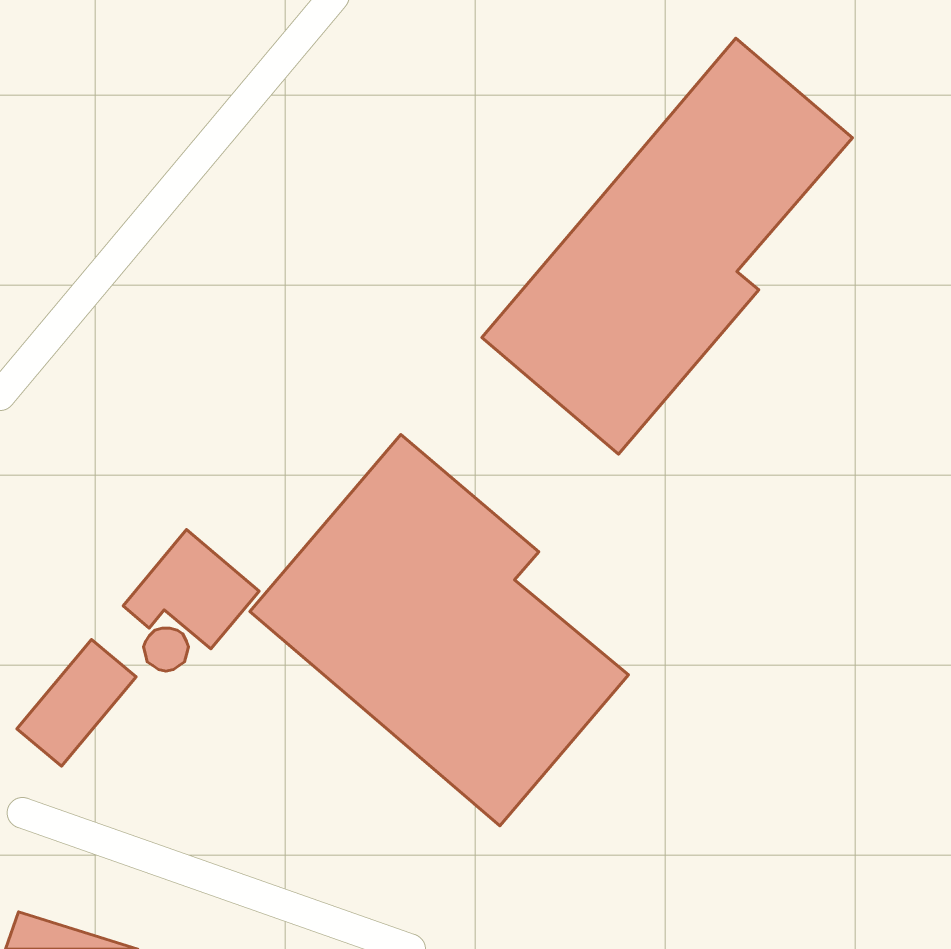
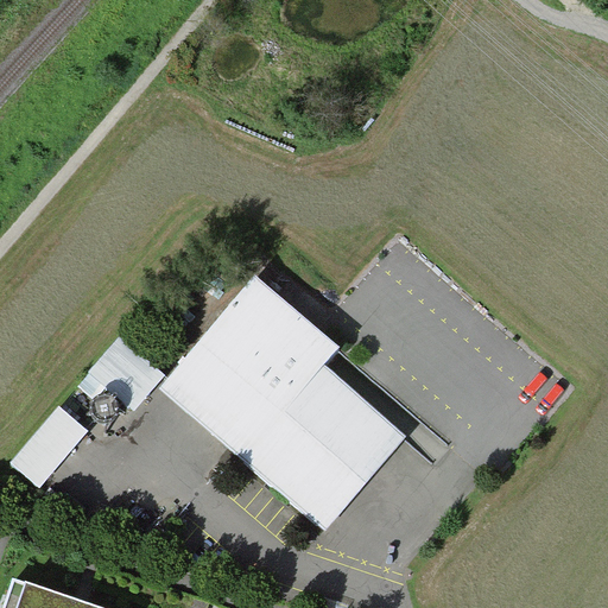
building: [482,38,853,454] -> none

